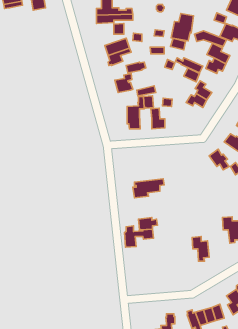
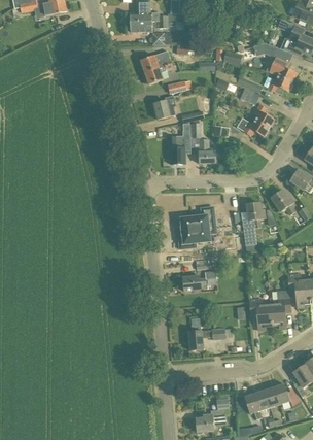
building: [171,13,194,41] -> none
building: none -> [241,202,264,249]
building: none -> [176,204,213,230]
building: [125,226,153,247] -> [188,323,224,349]
building: none -> [269,289,290,327]

